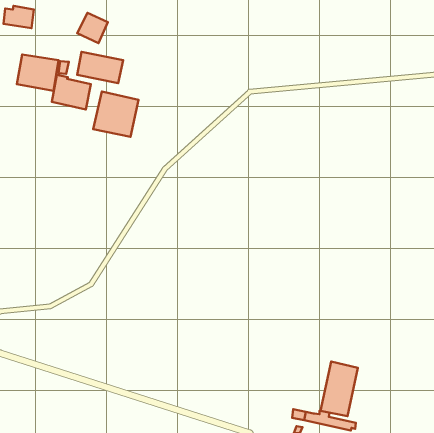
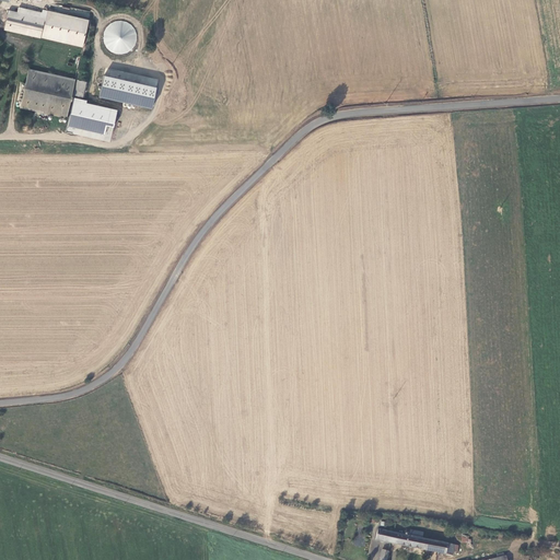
building: none -> [43,10,89,44]
building: [93,92,139,137] -> none
building: [320,361,358,416] -> none

